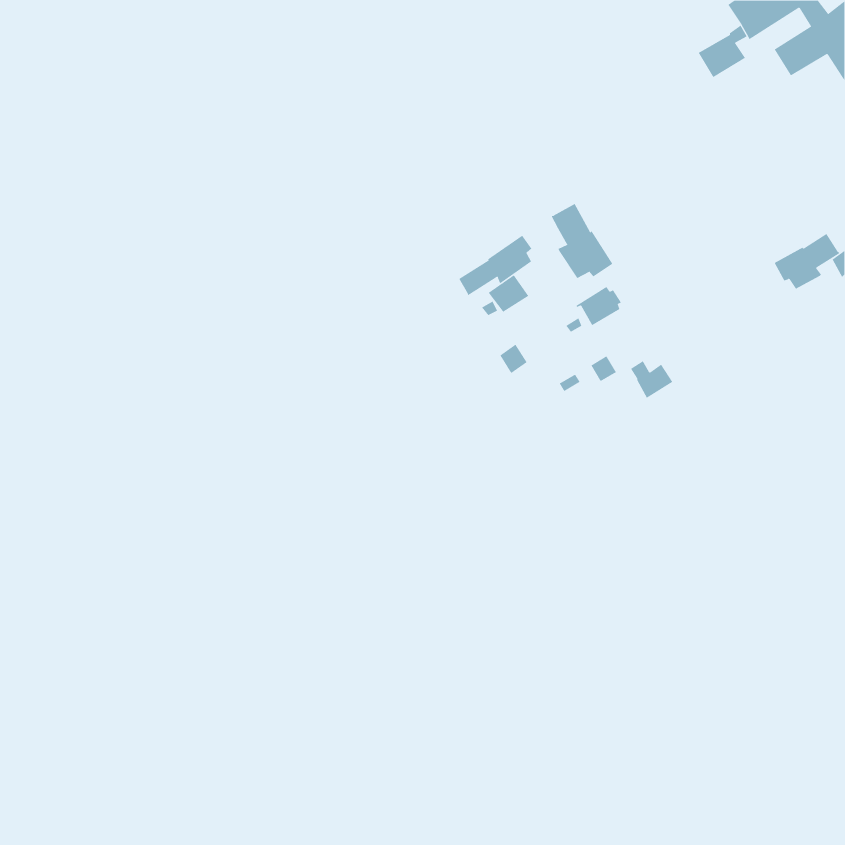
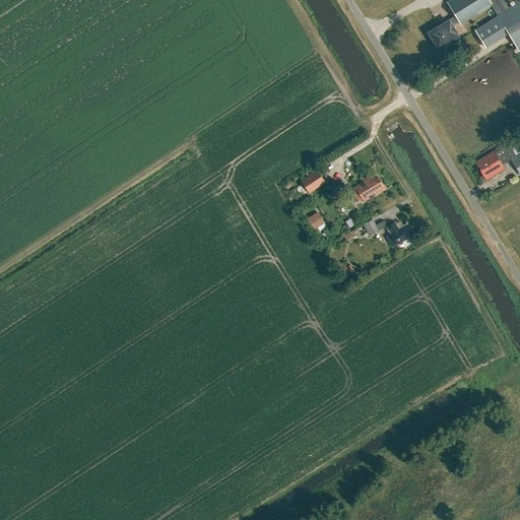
building: [551,203,613,279] -> none
building: [459,235,532,296] -> none

